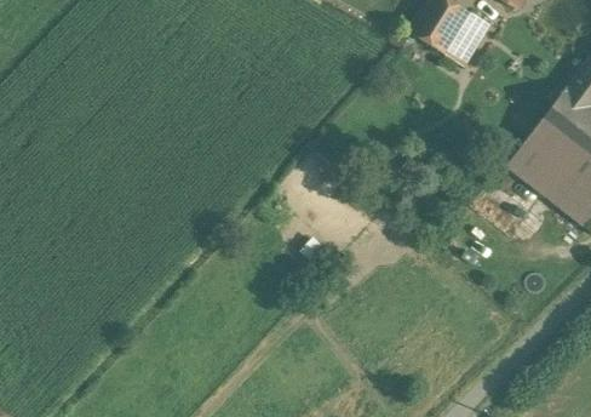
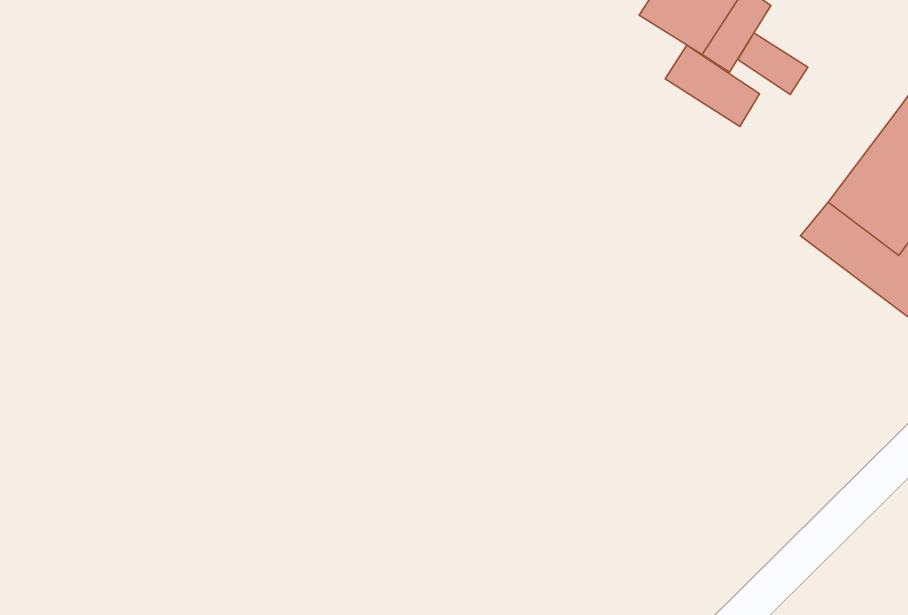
building: none -> [738,33,808,95]
building: none -> [665,45,759,127]

